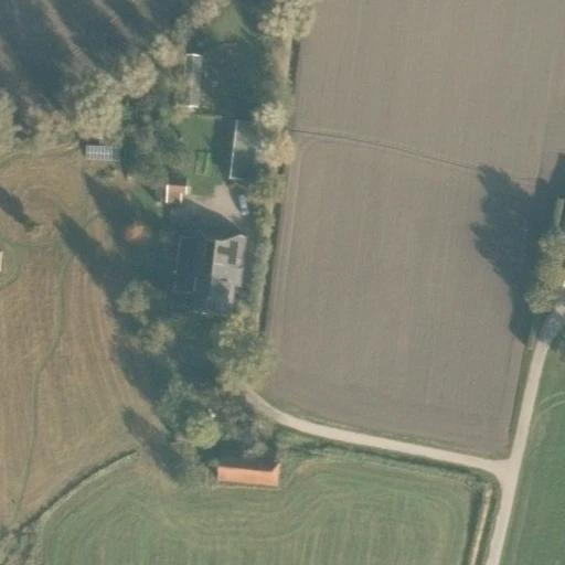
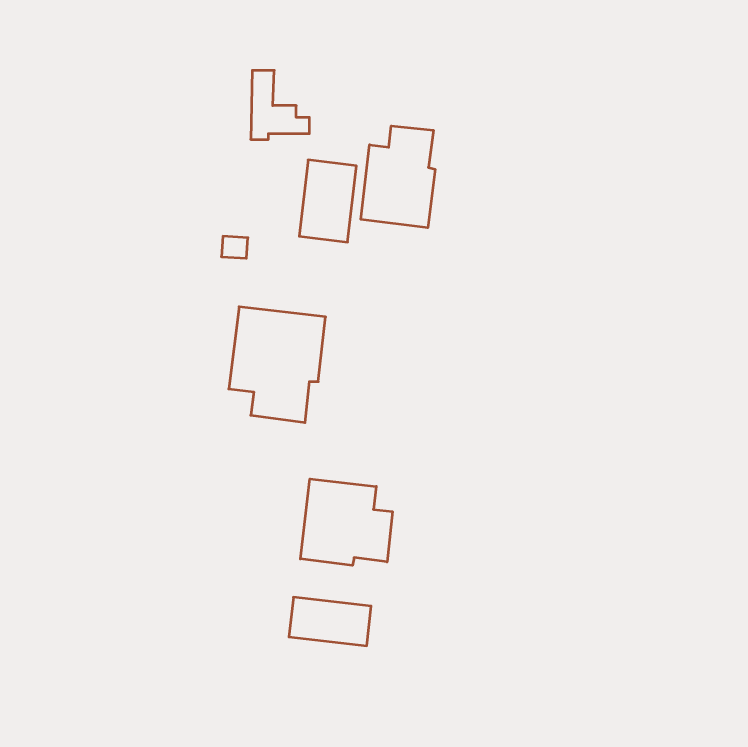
building: none -> [361,126,435,228]
building: none -> [300,479,392,565]

